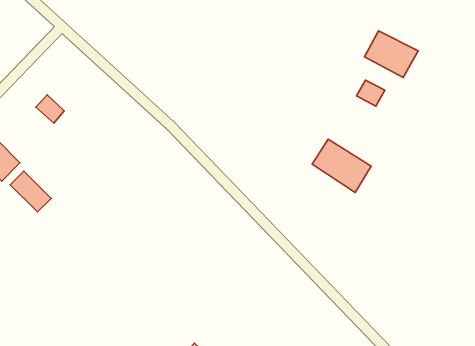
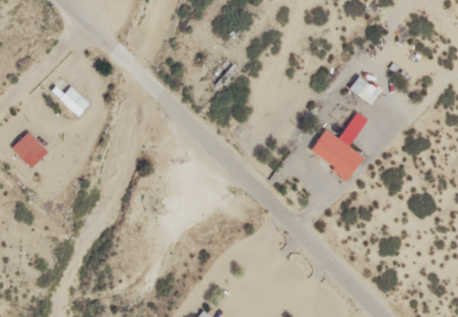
building: [365,31,418,78] -> none
building: [10,171,51,212] -> none

